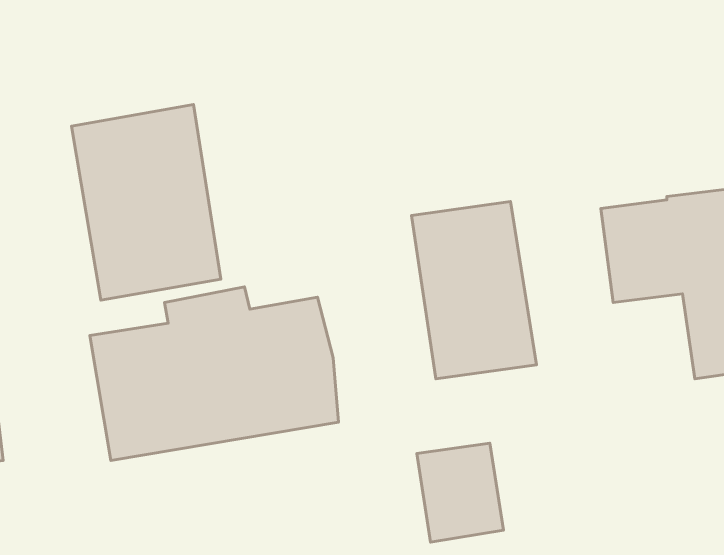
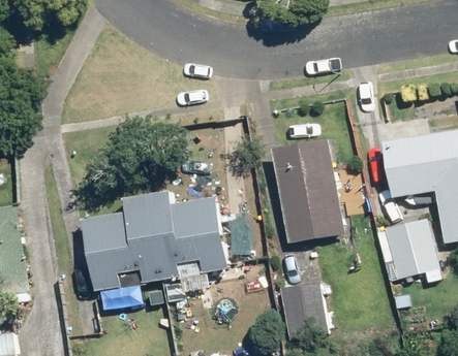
building: [72,105,221,300] -> none
building: none -> [380,219,436,283]

